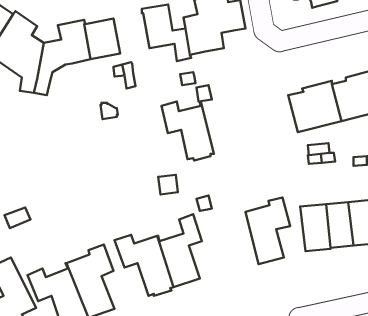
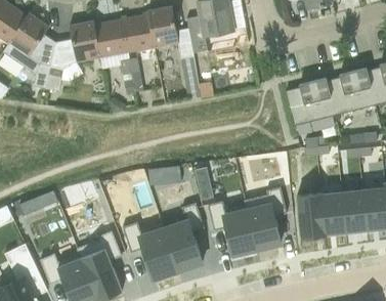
building: none -> [121,14,155,52]
building: [161,101,214,160] -> [208,201,257,256]

